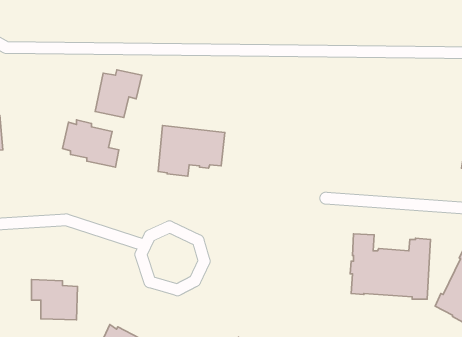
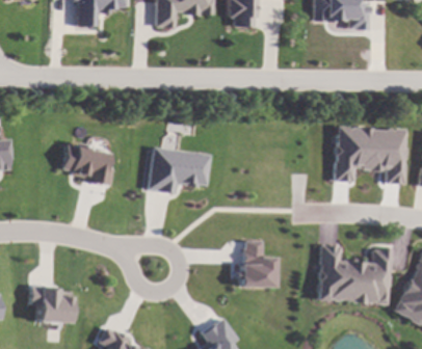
building: [95,70,142,118] -> none
building: none -> [336,128,407,185]
building: none -> [233,241,269,286]

